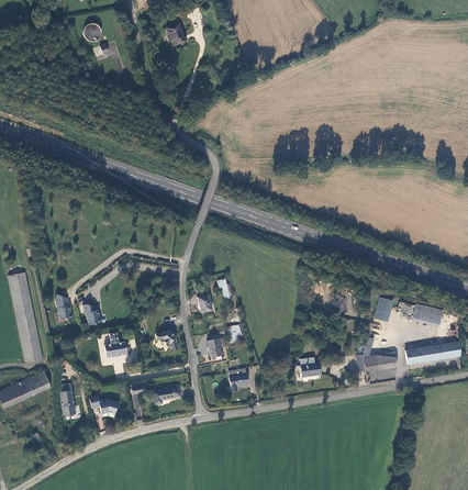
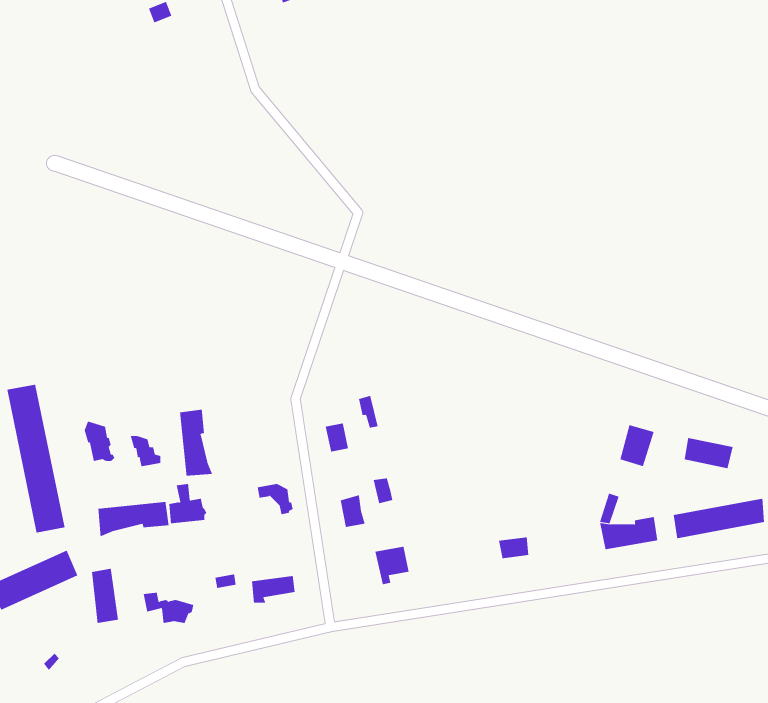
building: none -> [179,409,213,476]
building: none -> [98,501,169,537]

